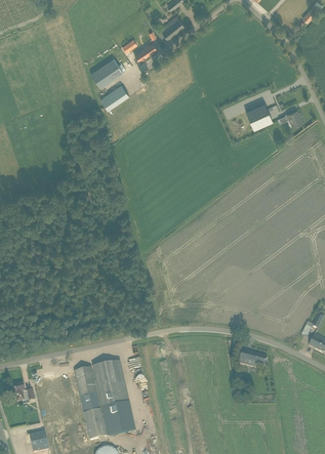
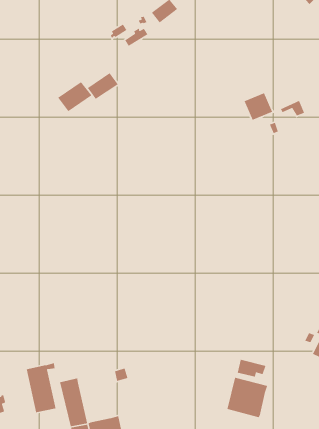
building: [90,58,123,87] -> [57,81,92,112]
building: [93,361,122,408] -> [26,362,57,413]
building: none -> [227,377,268,418]

